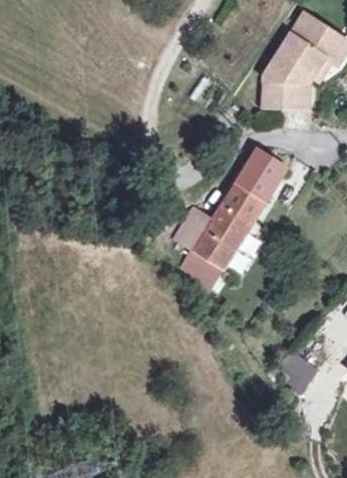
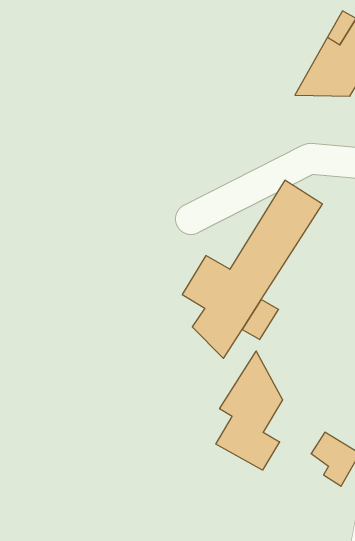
building: [263,79,309,107] -> none
building: none -> [216,351,283,470]

